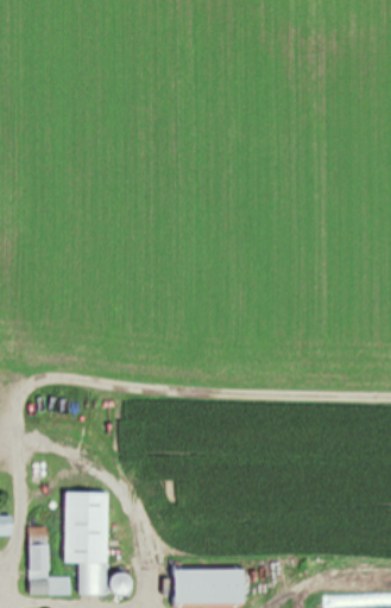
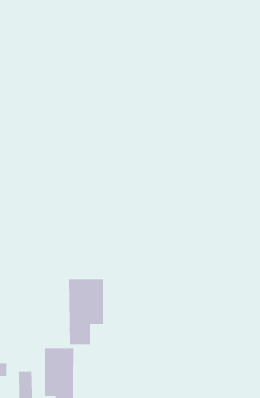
building: none -> [68,278,104,345]

